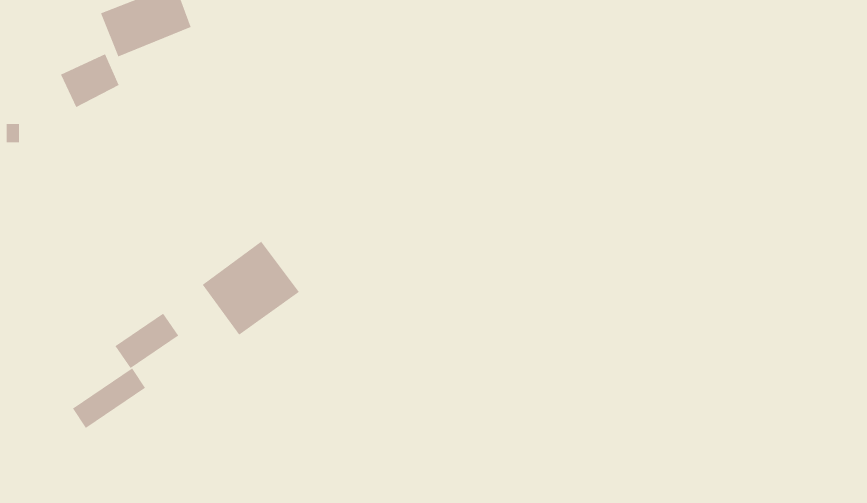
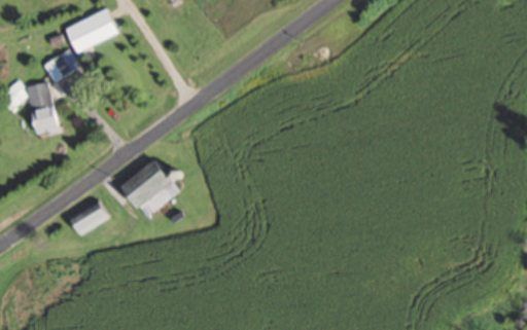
building: none -> [23,81,59,136]
building: [72,367,146,429] -> none

